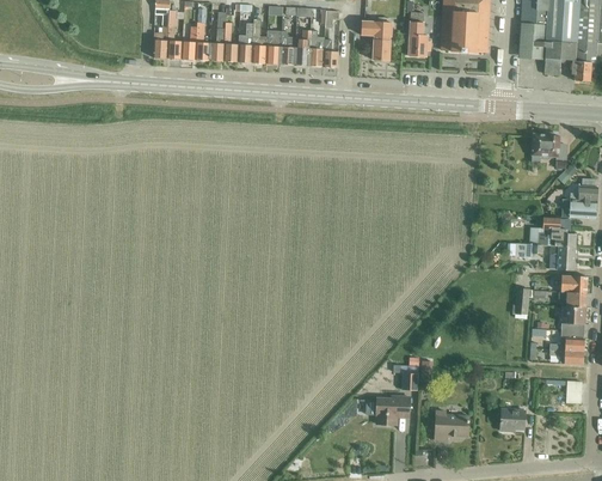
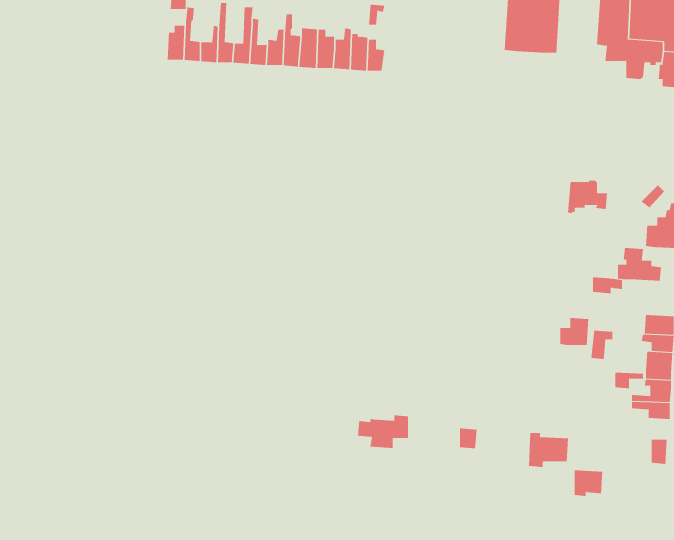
building: [408,12,431,56] -> none
building: [361,22,392,61] -> none
building: [533,134,567,163] -> [567,180,608,214]
building: [549,245,575,269] -> [560,318,589,346]
building: [366,396,410,425] -> [357,415,409,448]
building: [435,410,469,440] -> [528,433,569,468]

